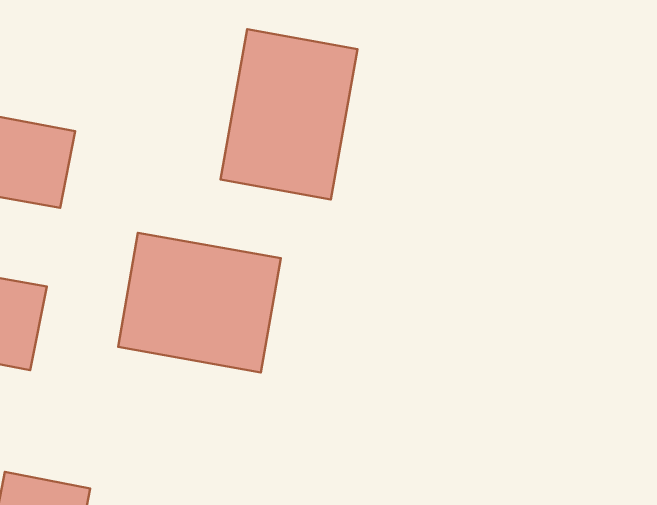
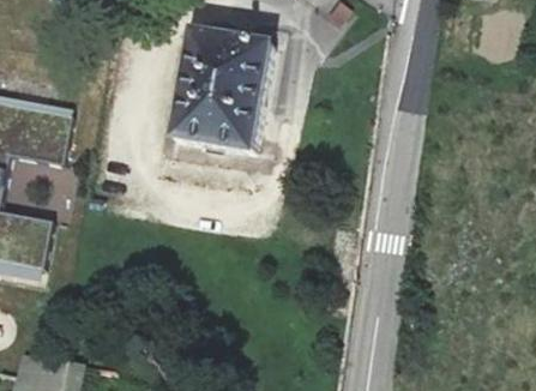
building: [118,233,281,372] -> none

